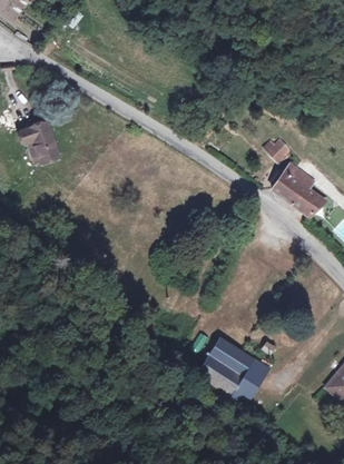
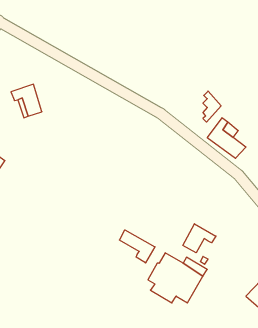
building: none -> [183,224,216,253]
building: none -> [119,230,155,263]

